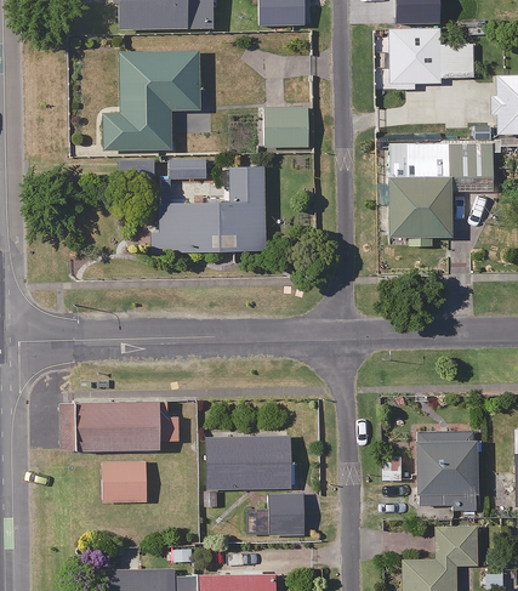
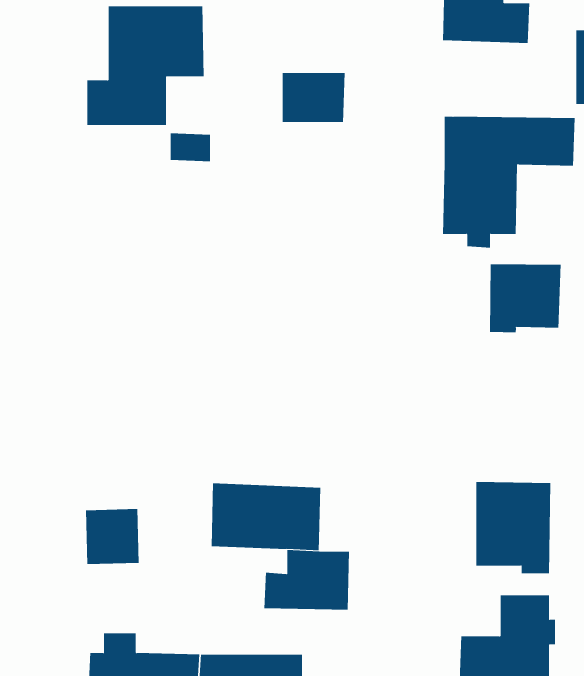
building: [155,169,266,251] -> none
building: none -> [489,263,561,333]
building: [61,403,178,450] -> none

